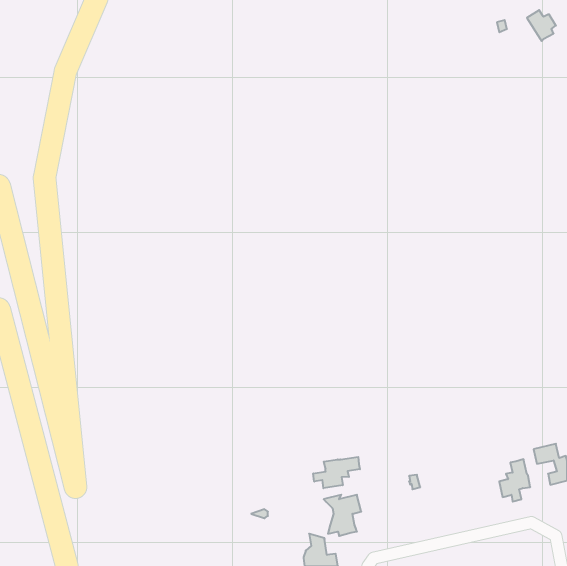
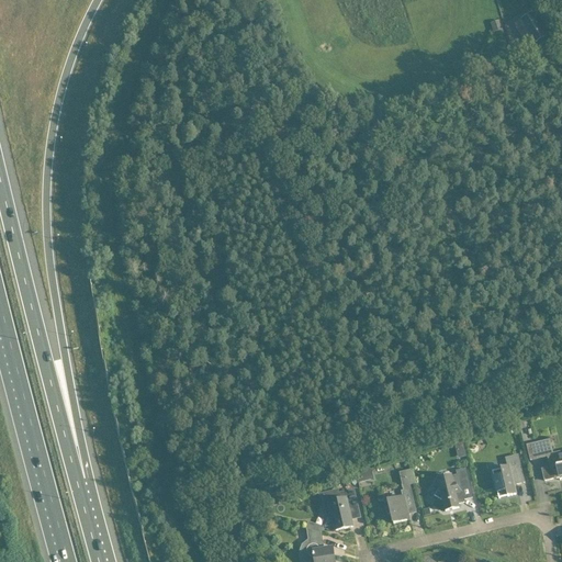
building: [313,457,360,488] -> none
building: none -> [434,468,472,509]
building: none -> [383,487,414,521]

